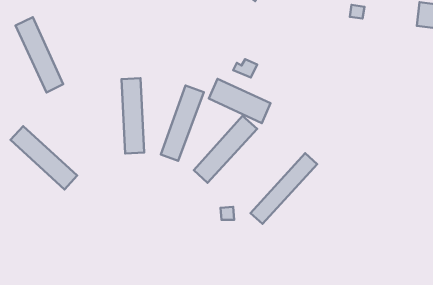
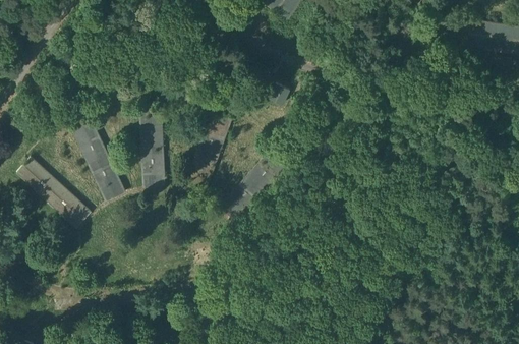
building: [15,17,63,92] -> [71,118,124,202]
building: [209,79,271,123] -> none
building: [251,153,317,224] -> none

